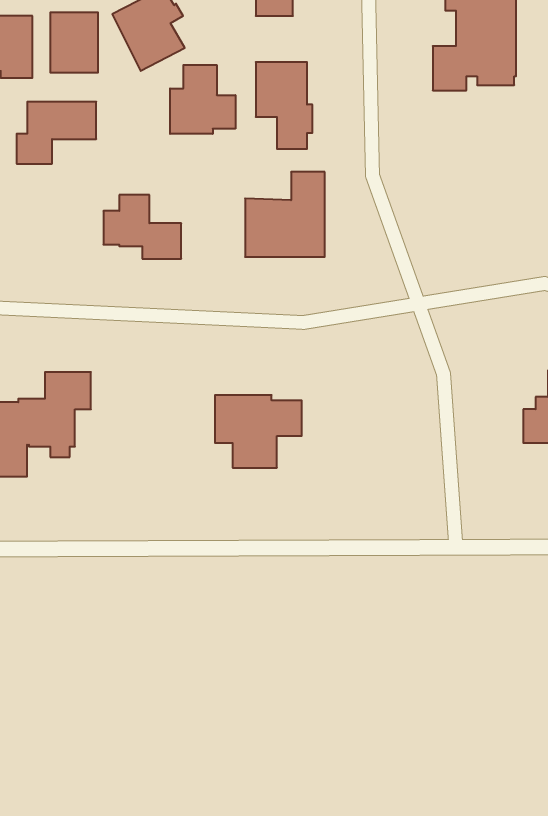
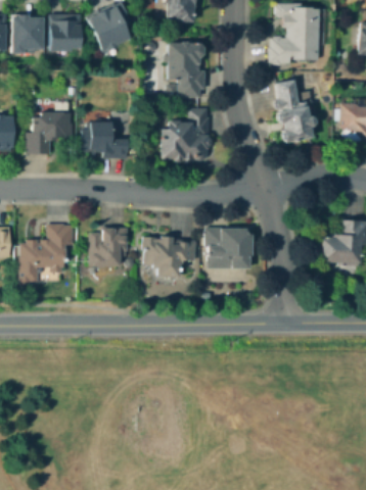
building: [170,65,235,134] -> none
building: [17,102,96,164] -> [26,114,72,150]
building: none -> [276,83,315,141]
building: none -> [91,229,126,263]
building: none -> [204,232,250,272]

